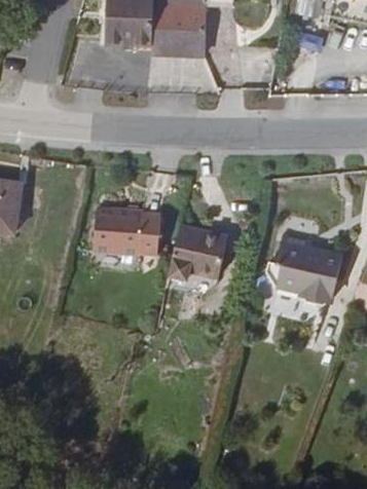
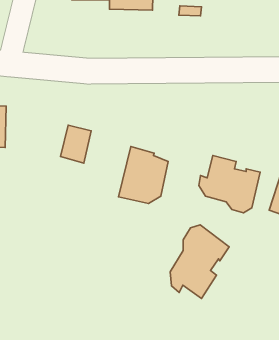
building: [119,195,162,254] -> none
building: none -> [170,225,229,298]

